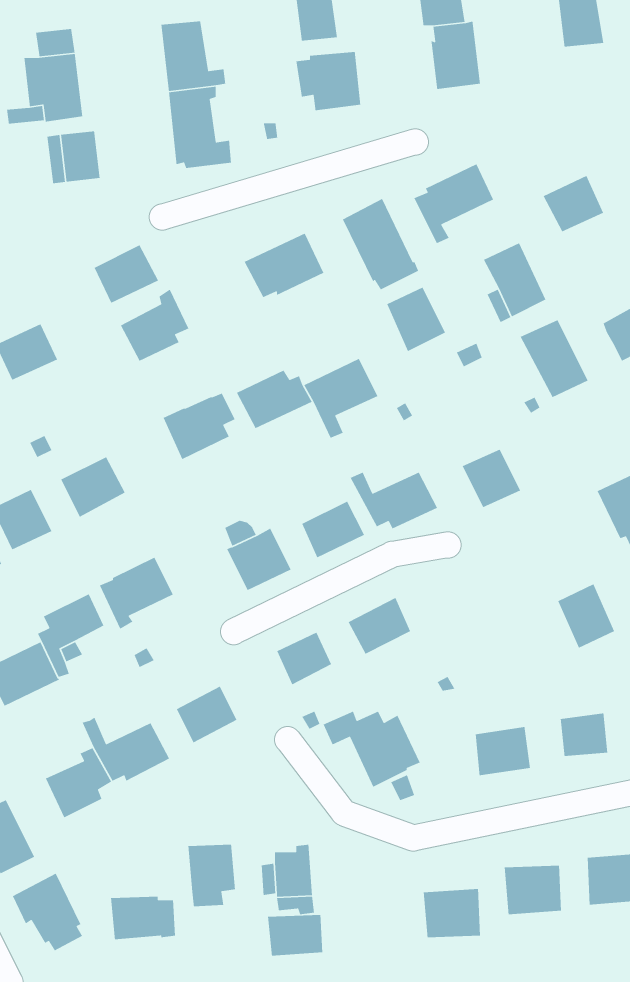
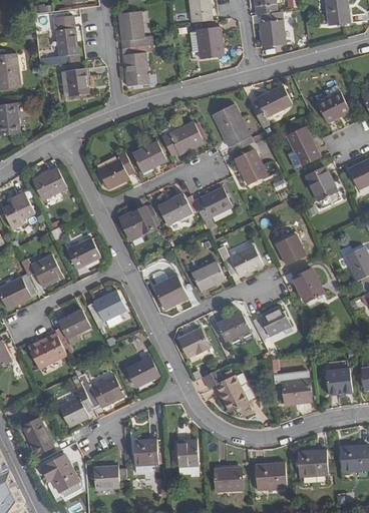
building: [94,244,159,304] -> [132,140,166,171]
building: [557,583,615,649] -> [293,268,323,302]
building: none -> [253,306,290,339]
building: [267,914,323,957] -> [213,468,242,490]

